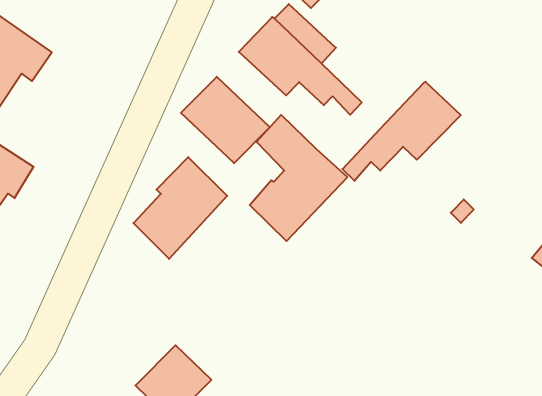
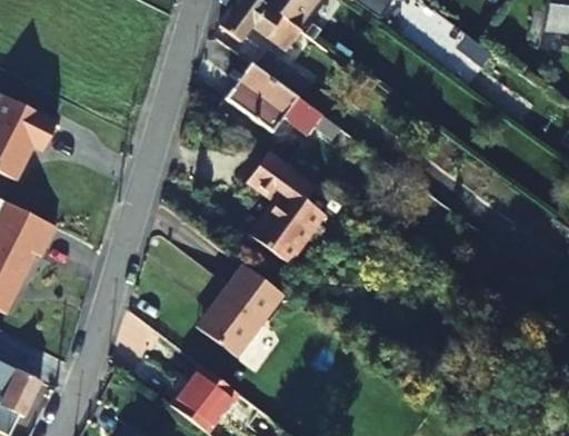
building: [181,77,270,163] -> none
building: [342,82,461,181] -> none
building: [133,157,227,259] -> [206,269,286,361]

